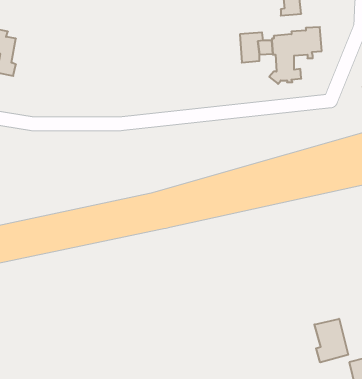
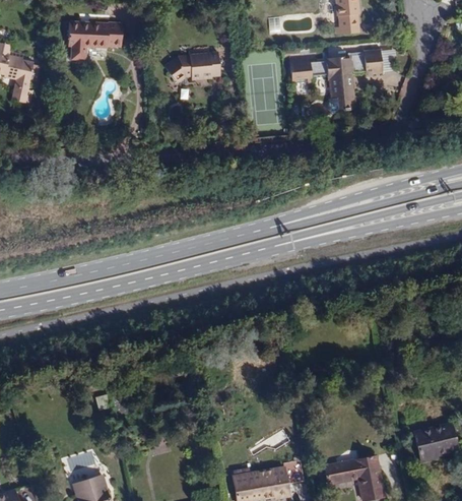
building: none -> [68,22,122,61]
building: none -> [166,50,218,81]
building: [314,319,348,362] -> none

